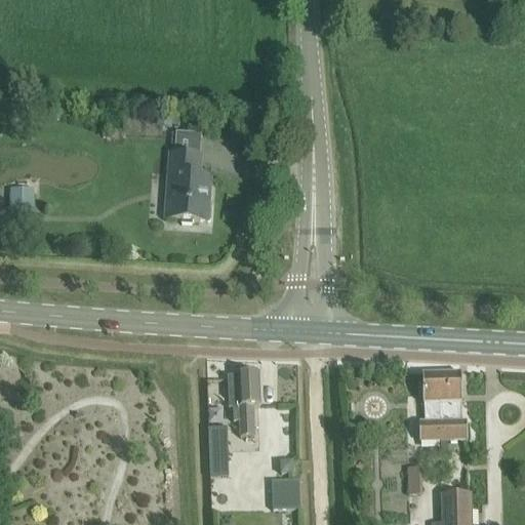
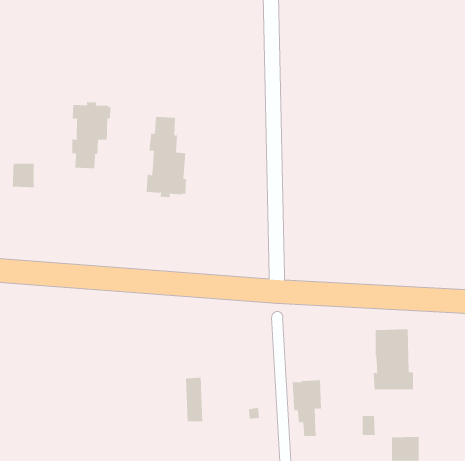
building: none -> [72,102,111,169]
building: [226,371,259,435] -> [292,380,322,436]
building: [271,478,299,507] -> none

